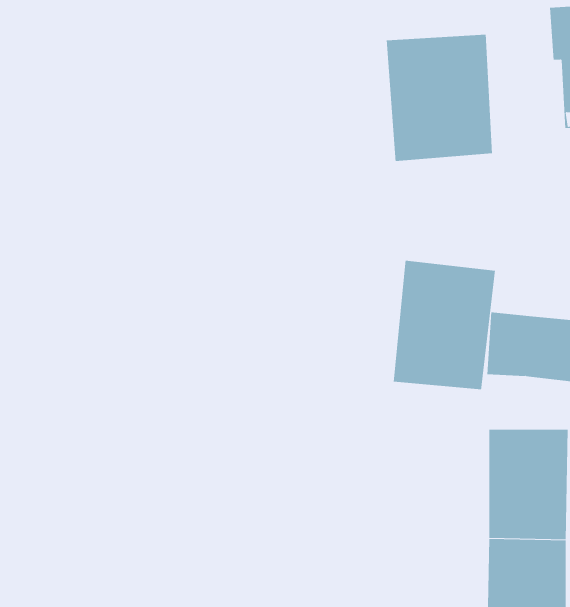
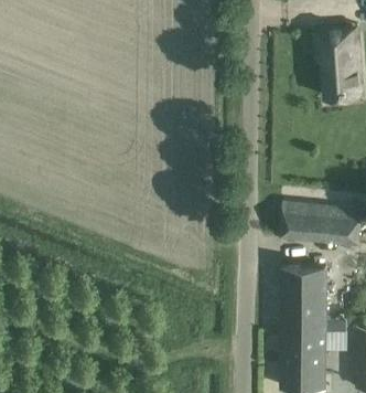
building: [386,34,492,162] -> none
building: [393,260,495,390] -> none

